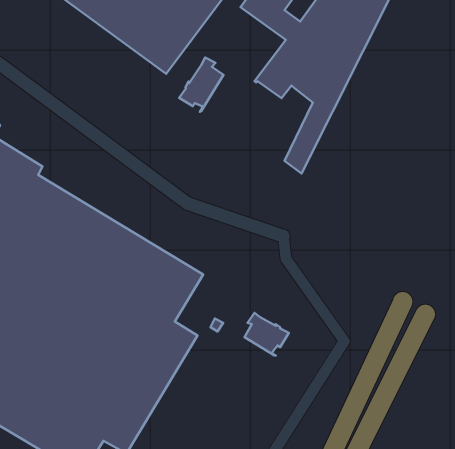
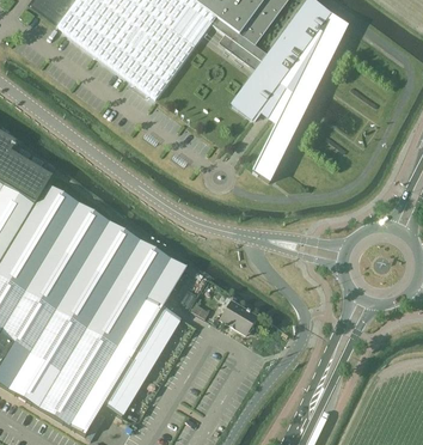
building: [179,57,223,112] -> none

